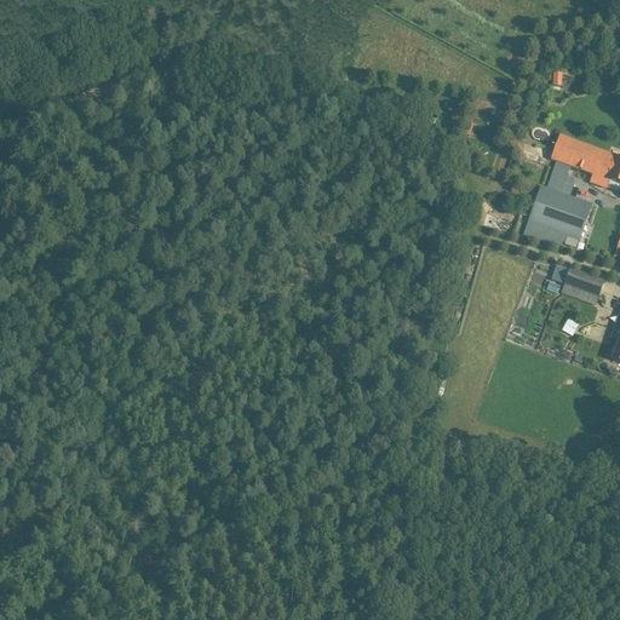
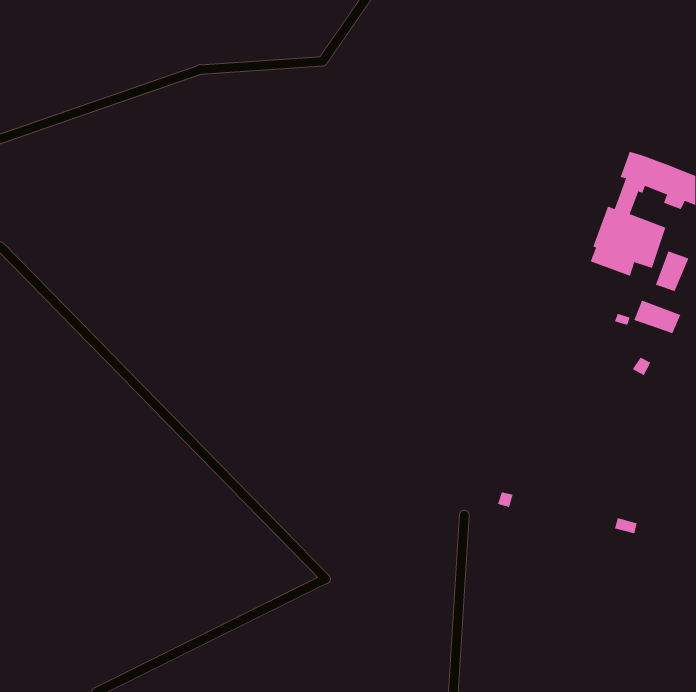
building: none -> [655,251,689,292]

